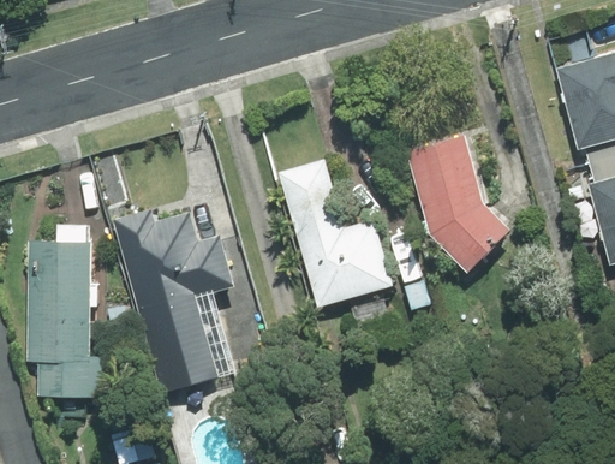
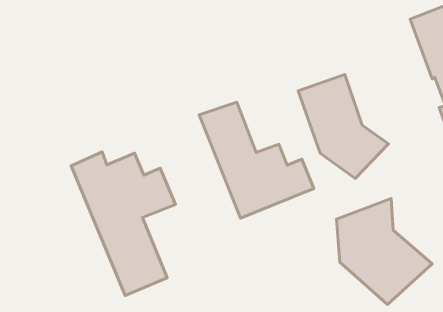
building: [26,224,109,397] -> none
building: none -> [337,198,432,304]

